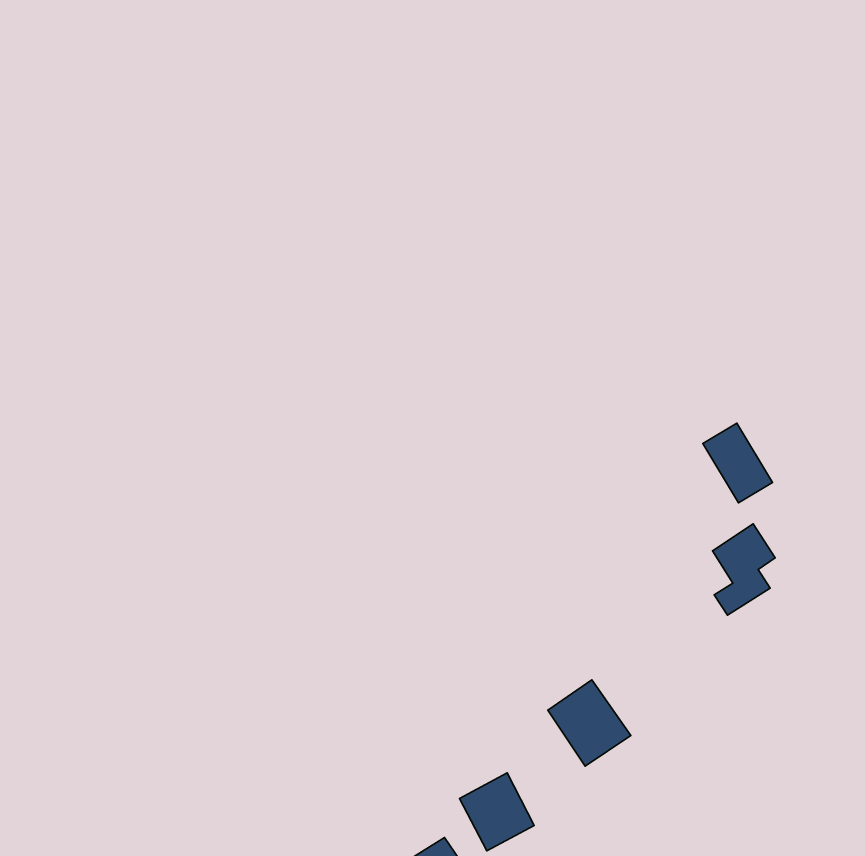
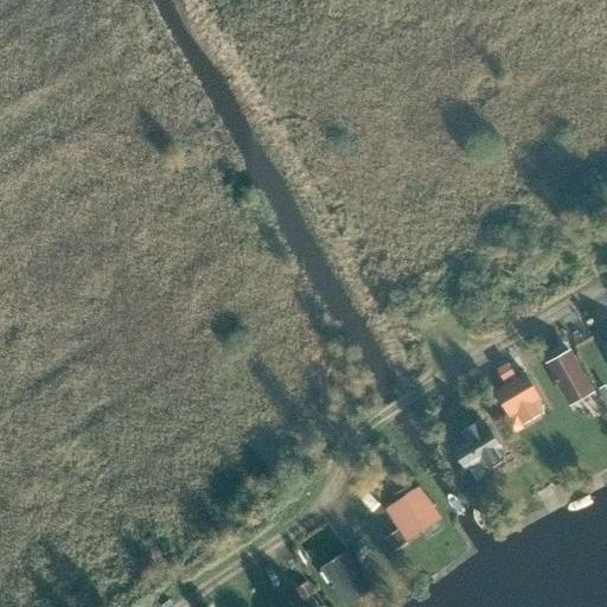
building: [703,423,772,503] -> [544,349,593,404]
building: none -> [455,418,509,481]

